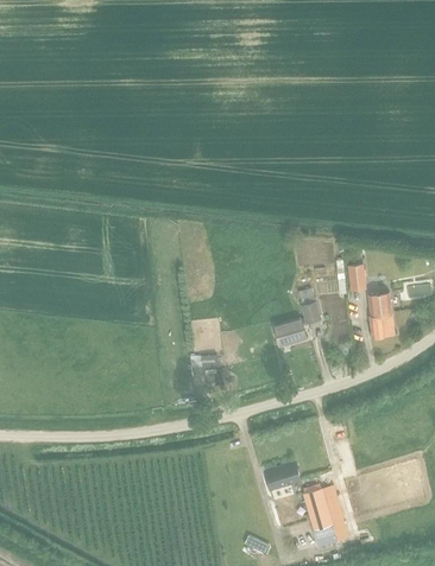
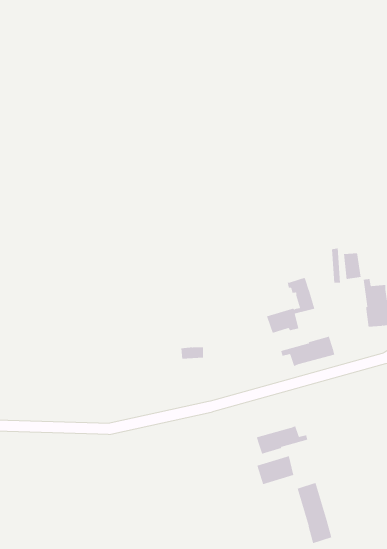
building: none -> [281,336,335,367]
building: none -> [256,425,308,454]

